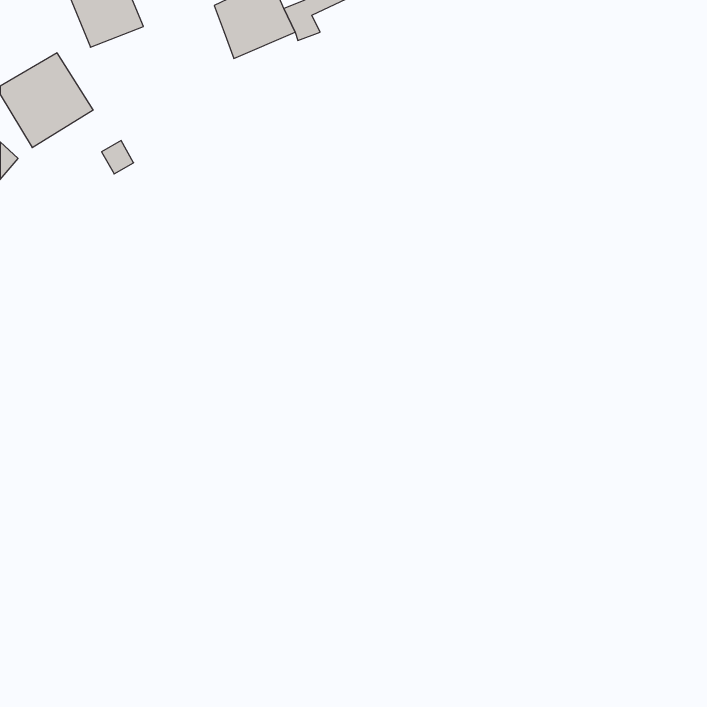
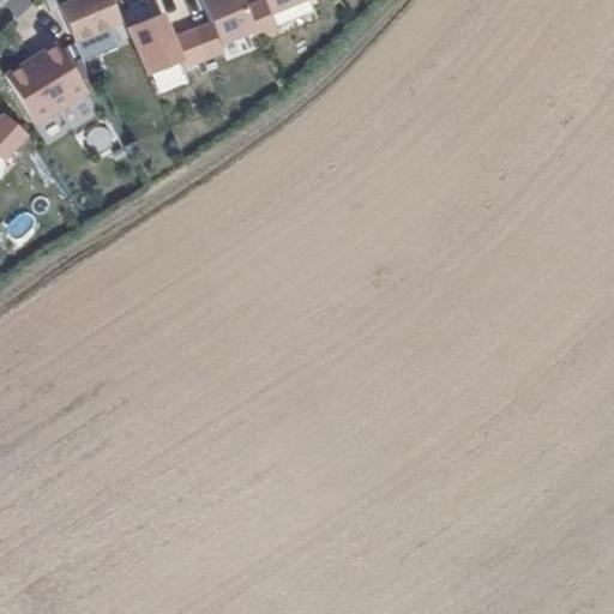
building: none -> [134,12,210,73]

